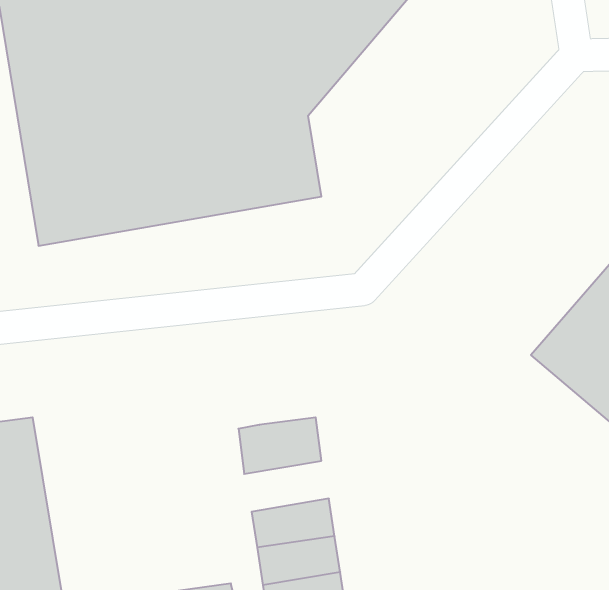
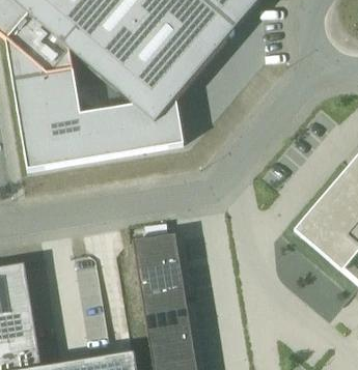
building: none -> [132,232,180,268]
building: none -> [140,286,187,314]

